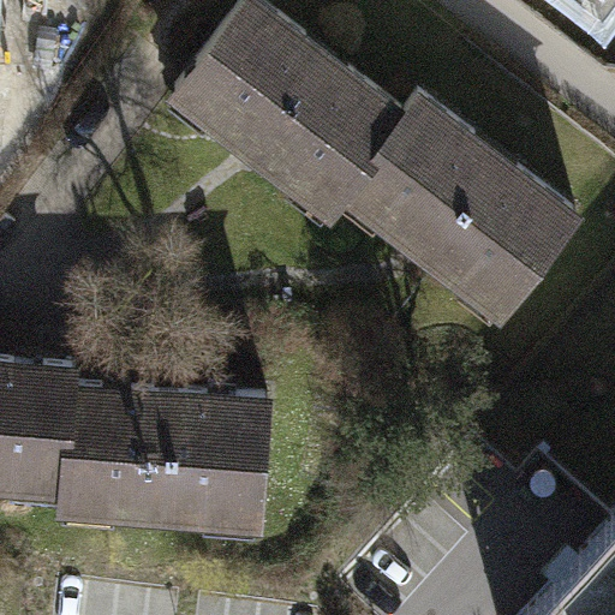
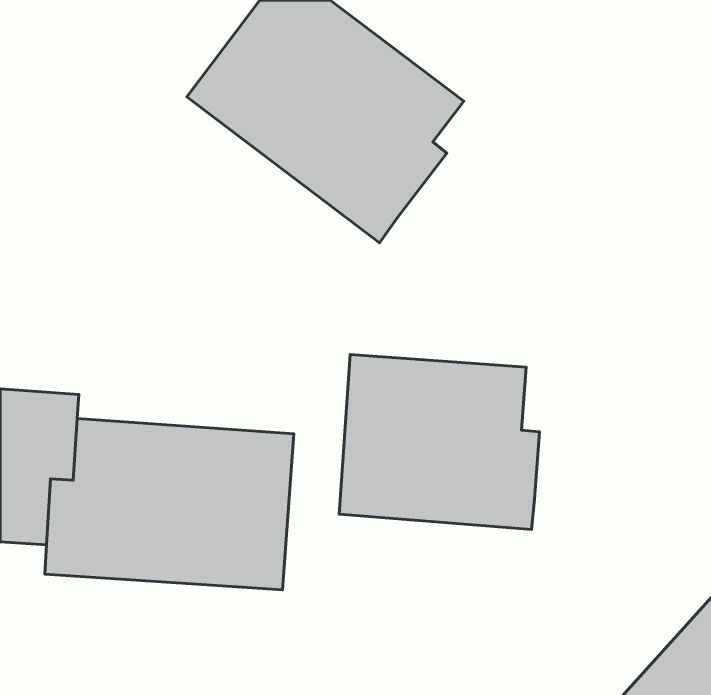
building: [346,88,578,318] -> none
building: none -> [339,355,540,529]

